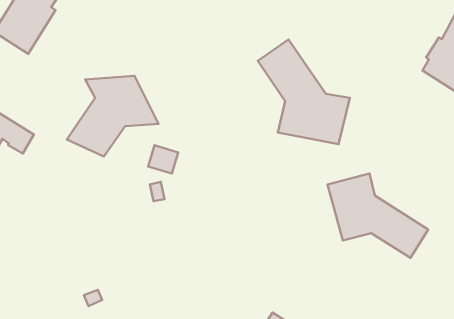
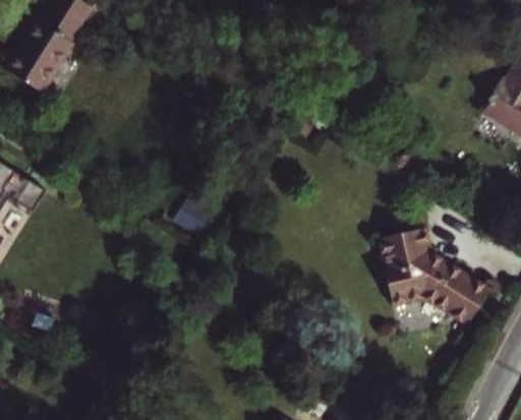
building: [258,39,350,144] -> none
building: [67,76,158,156] -> none

